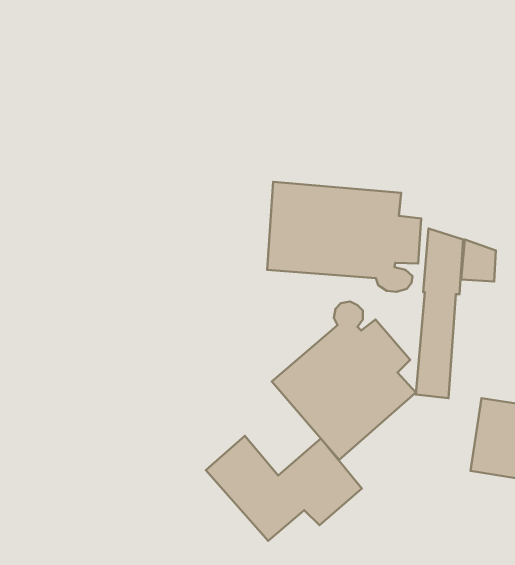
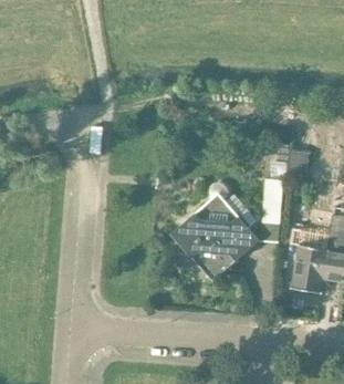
building: [267,182,421,292] -> none
building: [206,436,362,541] -> none

